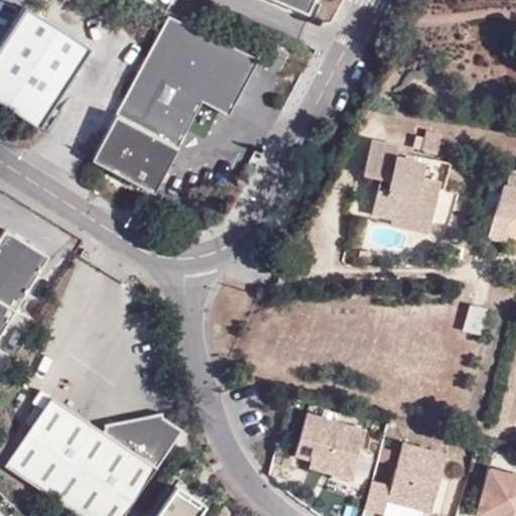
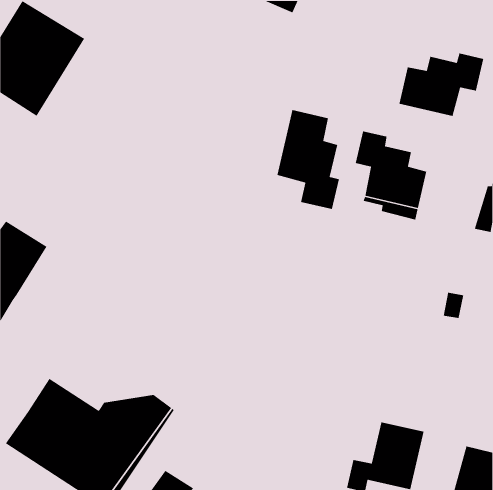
building: [91,13,259,192] -> none
building: none -> [398,53,484,117]
building: none -> [276,109,340,210]
building: [289,415,361,481] -> none

